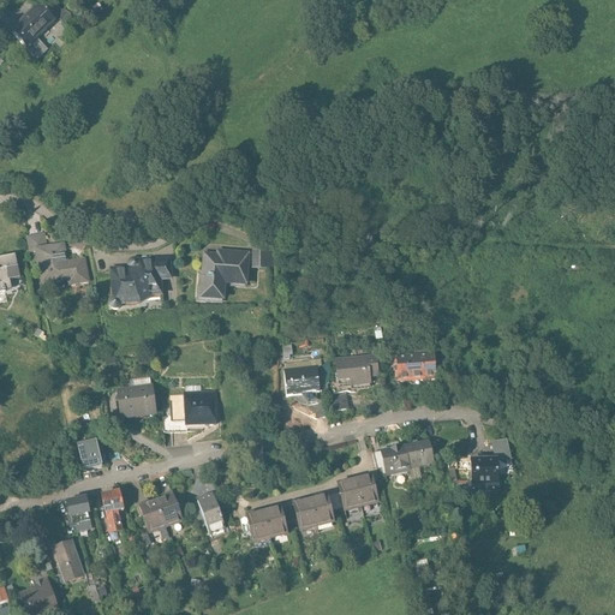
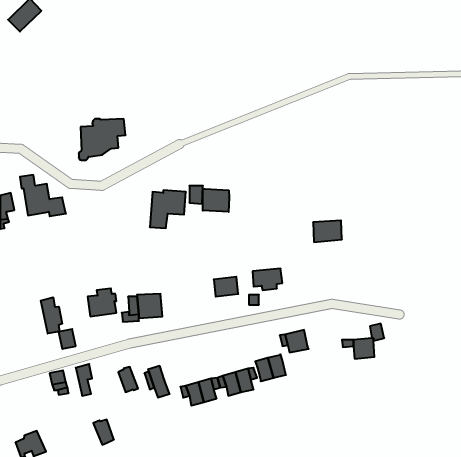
building: none -> [203,189,229,212]
building: [108,261,171,316] -> [79,119,126,160]
building: [395,354,434,383] -> [313,220,342,242]
building: none -> [41,297,62,334]
building: [405,435,434,461] -> none
building: [139,496,167,530] -> [93,420,114,445]
building: [53,536,84,575] -> none

